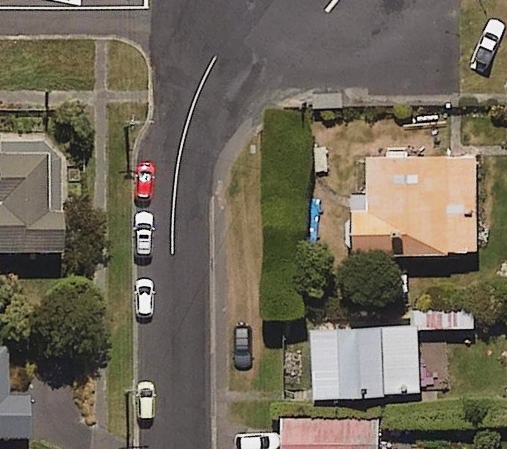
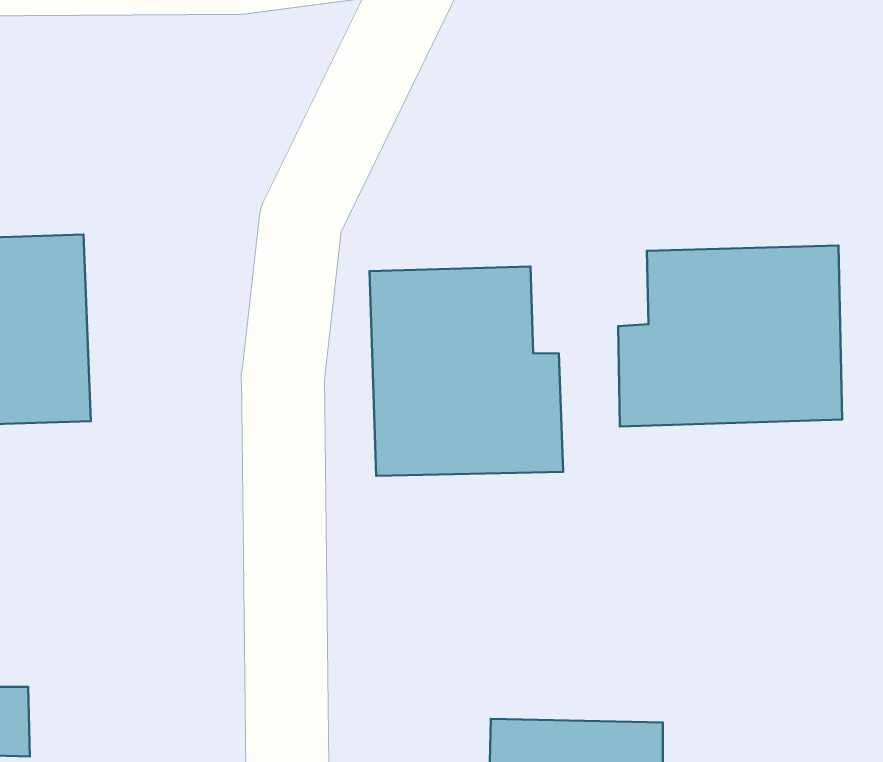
building: none -> [369,267,563,476]
building: [311,325,418,397] -> none

